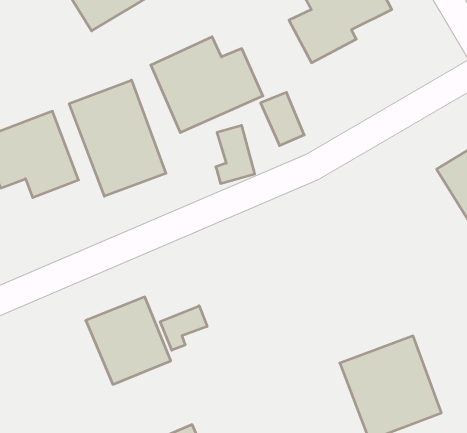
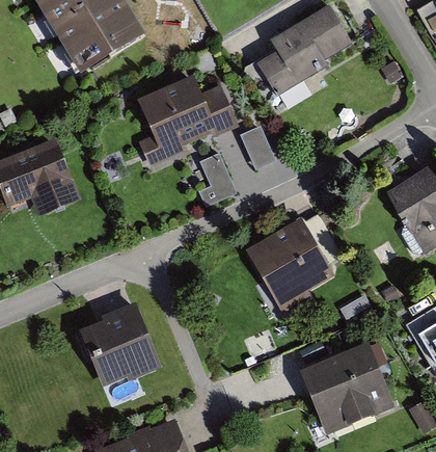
building: [69,80,166,196] -> none
building: none -> [250,219,331,299]
building: [160,306,207,350] -> none

